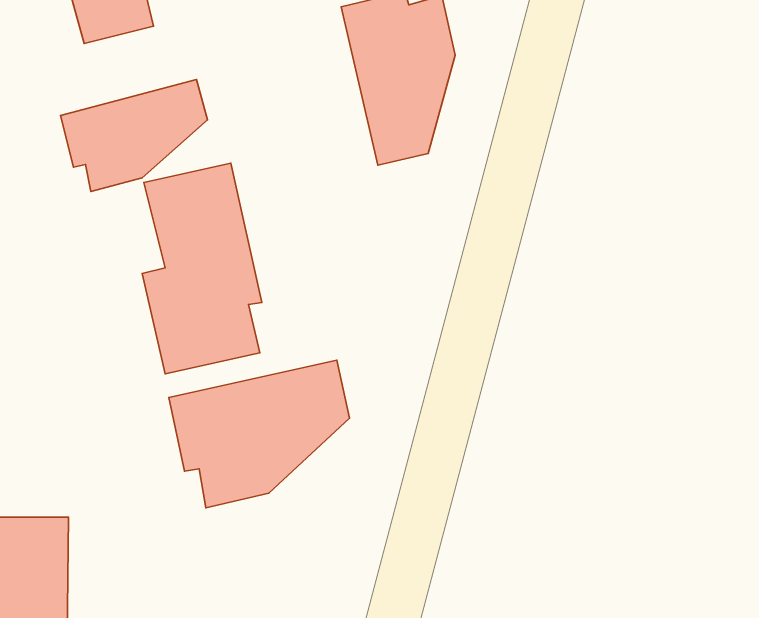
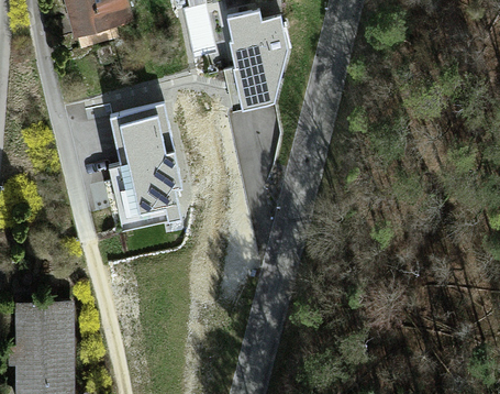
building: [61,80,207,192] -> none
building: [169,360,350,508] -> none

